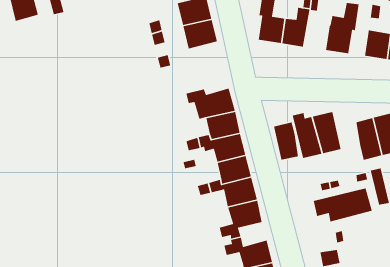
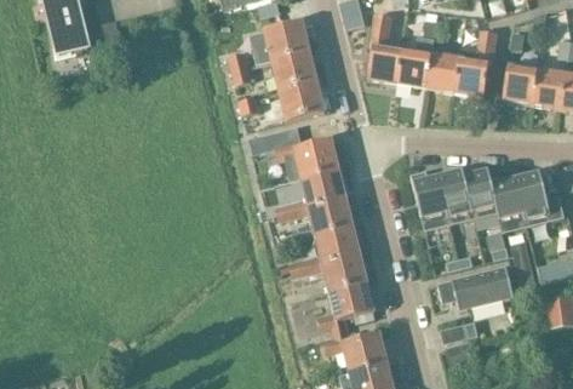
building: none -> [425,53,458,91]
building: none -> [279,80,325,120]
building: [273,122,299,161] -> [464,167,497,217]

